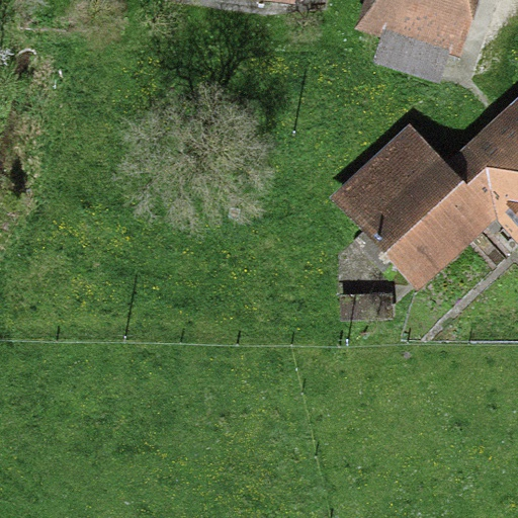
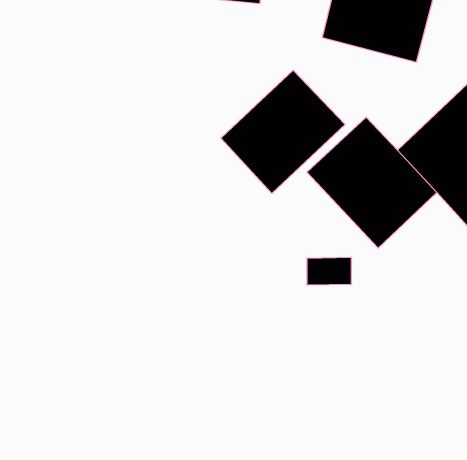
building: none -> [221,70,345,193]

